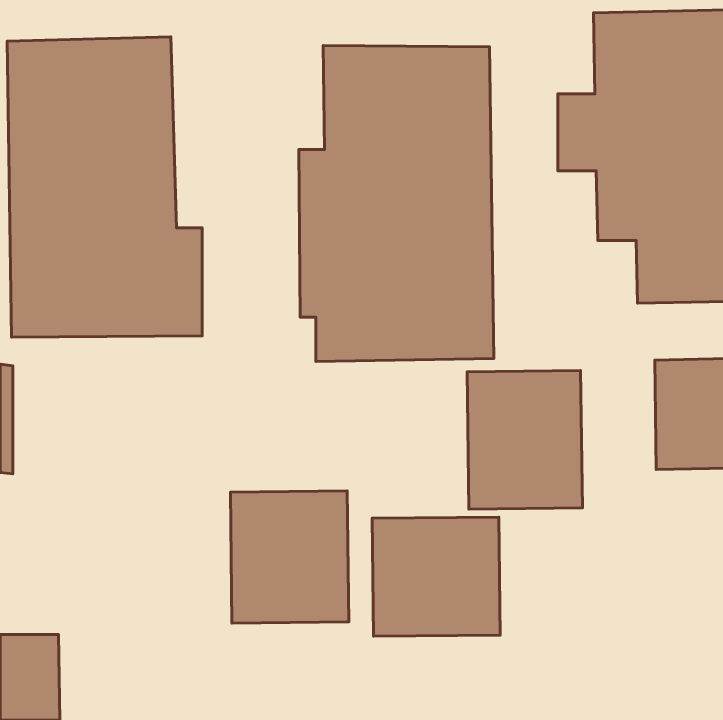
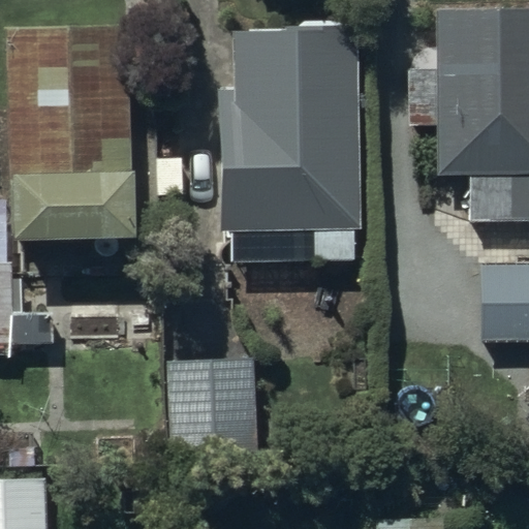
building: [467,370,582,509] -> none
building: [372,517,500,636] -> none

